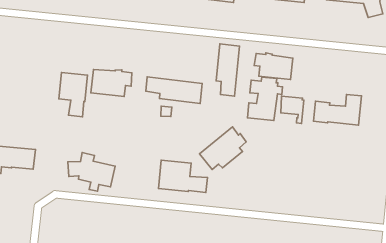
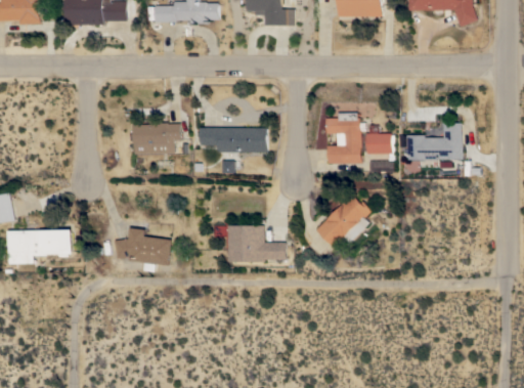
building: [216,44,240,96] -> none
building: [254,53,293,80] -> none
building: [59,73,87,117] -> none
building: [199,127,246,169] -> [316,193,372,248]

